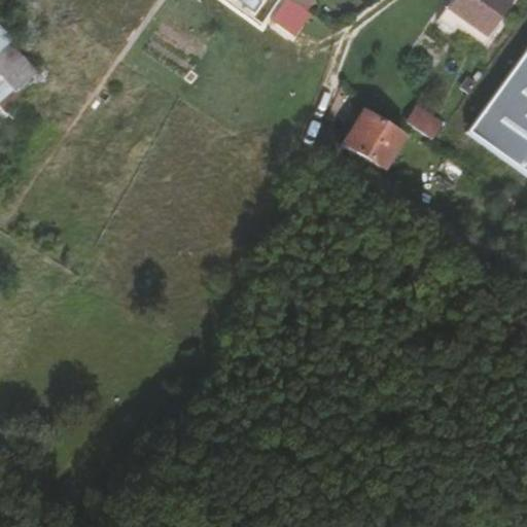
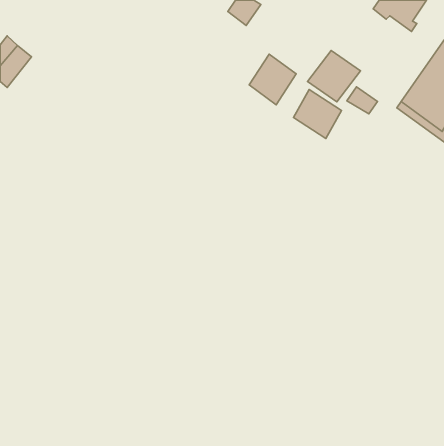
building: none -> [307,51,361,102]
building: none -> [249,54,296,105]

